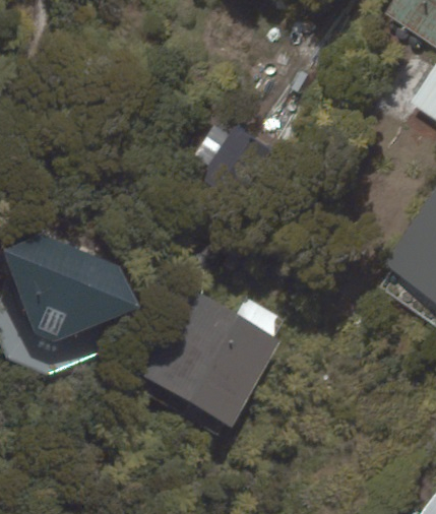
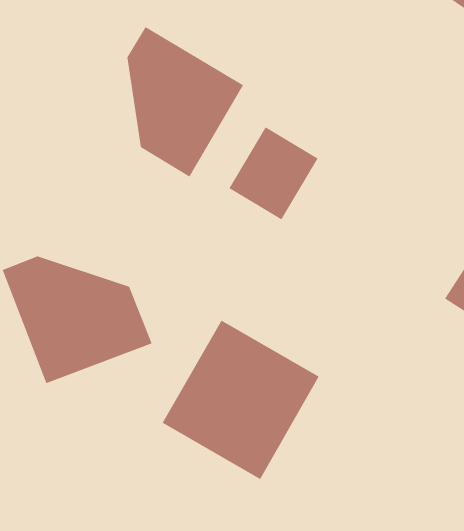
building: none -> [127,26,244,178]

